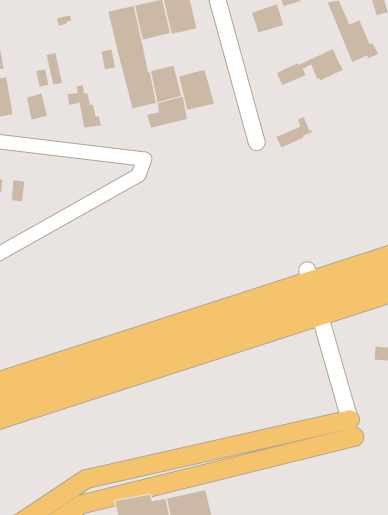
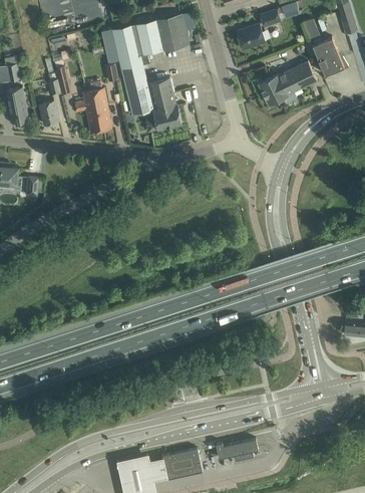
building: [178,69,215,111] -> none
building: none -> [82,89,111,131]
building: [275,116,313,148] -> [263,77,296,105]
building: none -> [215,439,258,461]

